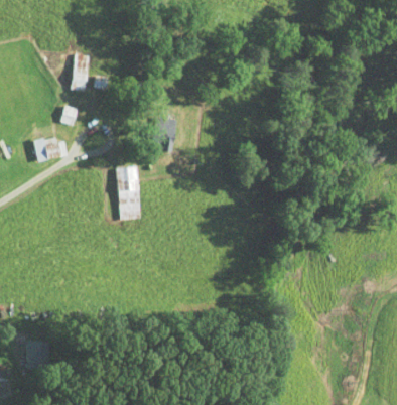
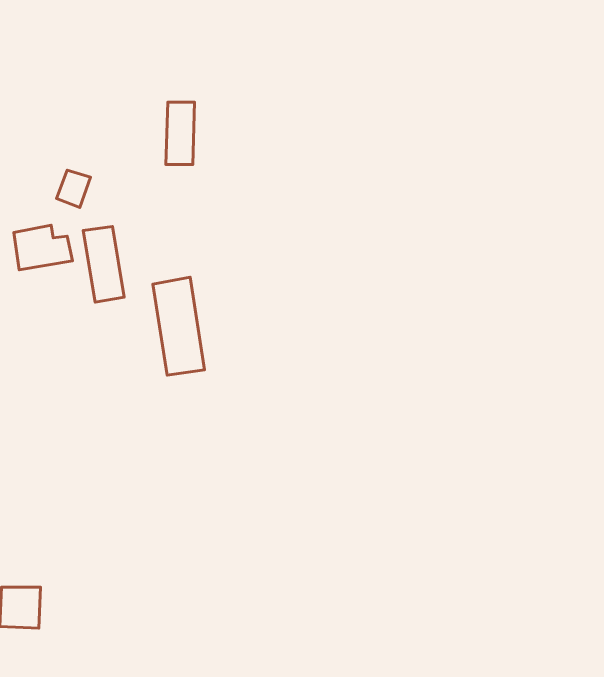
building: [72,54,88,90] -> [166,102,195,164]
building: none -> [83,227,124,302]

